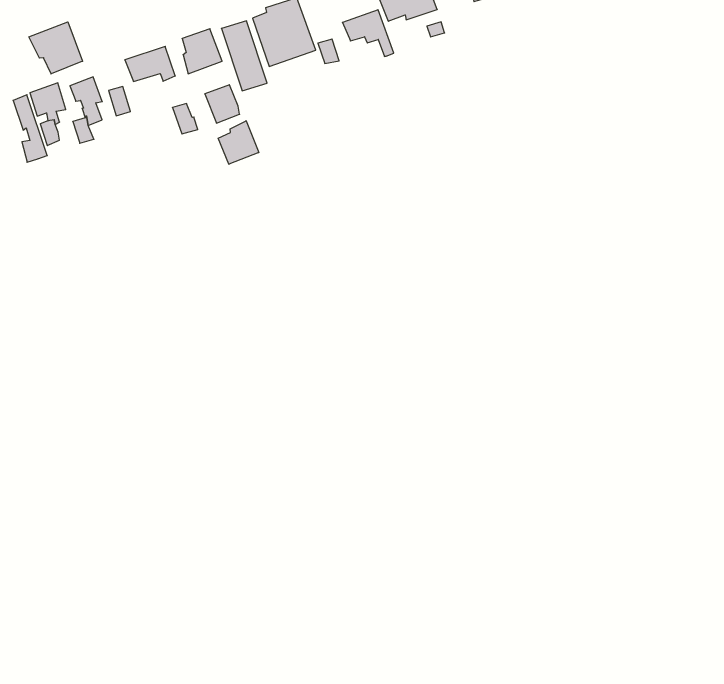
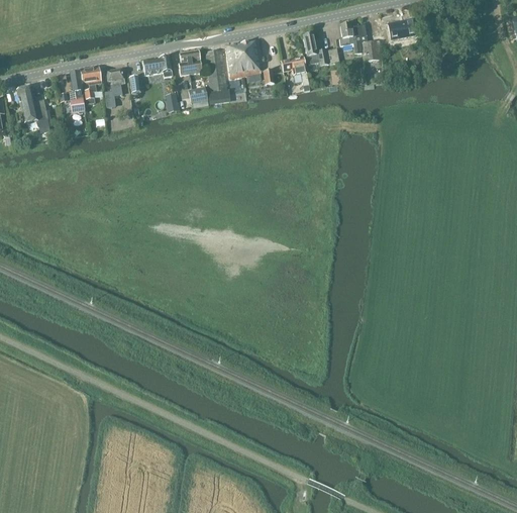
building: [29,22,83,74] -> none
building: [218,121,259,164] -> none

